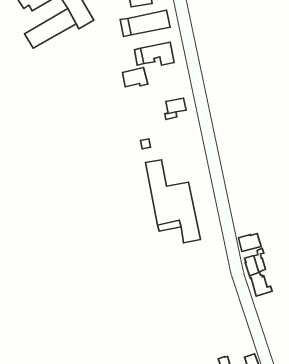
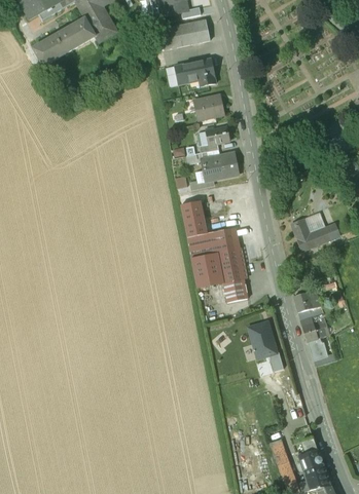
building: [122,67,148,87] -> [193,93,224,117]
building: none -> [201,151,238,180]
building: none -> [291,219,339,251]
building: none -> [248,320,283,371]

